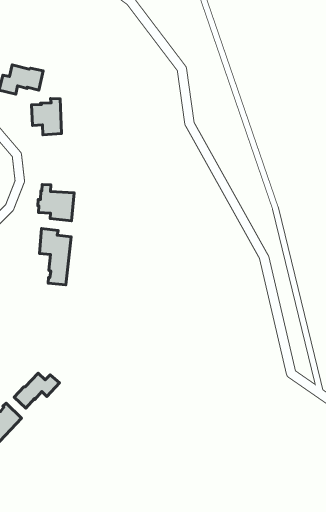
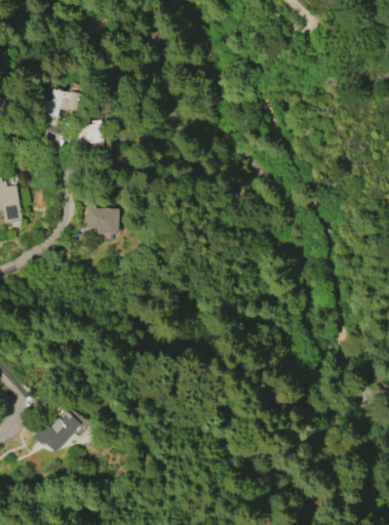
building: [40,229,71,285] -> none
building: [14,373,60,408] -> none

